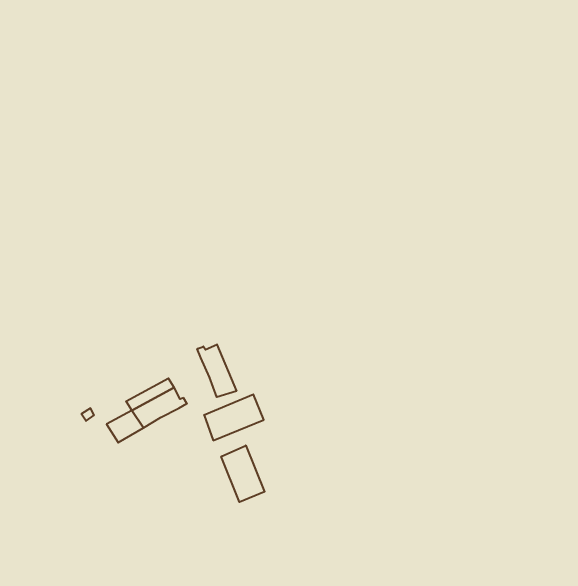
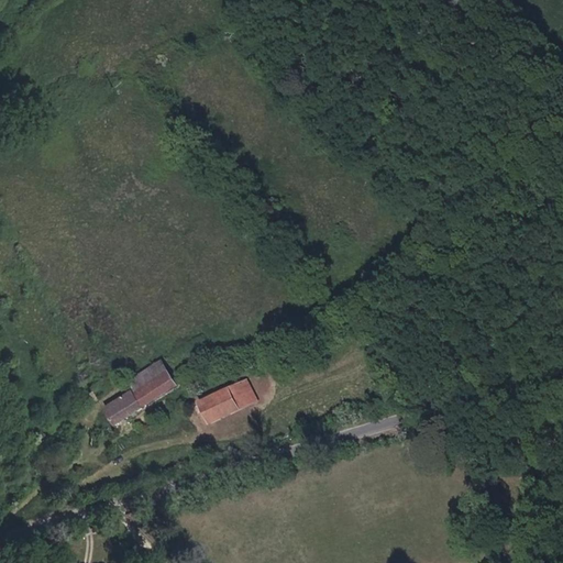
building: [197,344,236,397] -> none
building: [221,445,265,502] -> none

